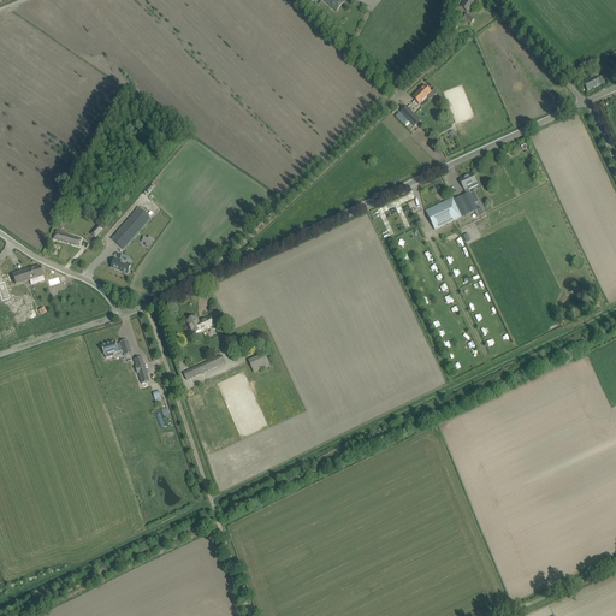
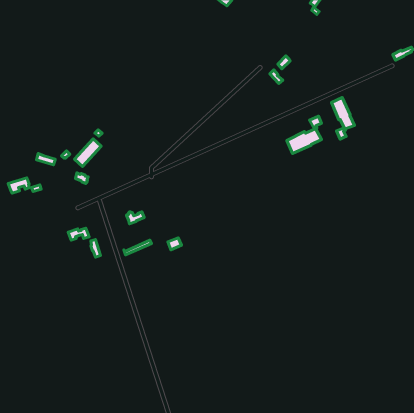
building: none -> [332,97,354,139]

